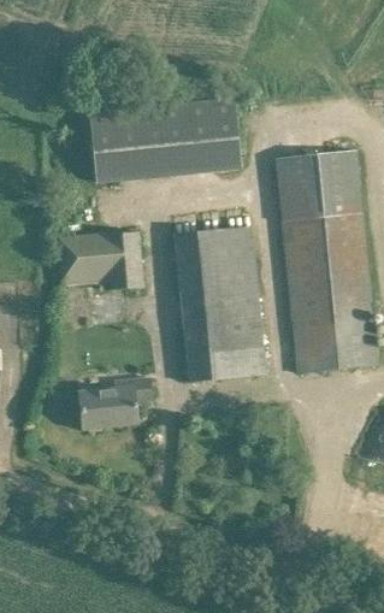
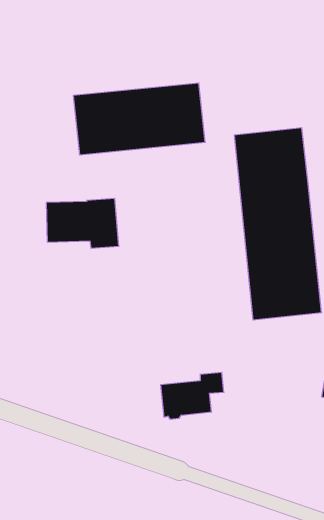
building: [175,226,264,382] -> none
building: [78,378,152,432] -> [161,372,224,419]

